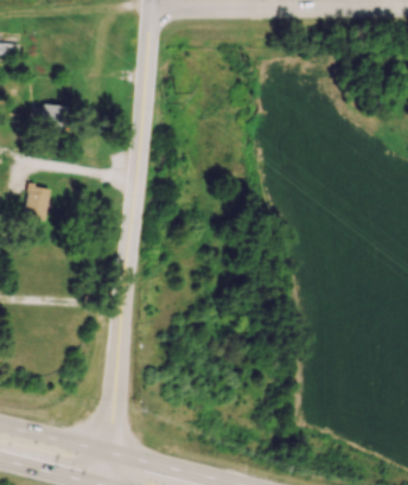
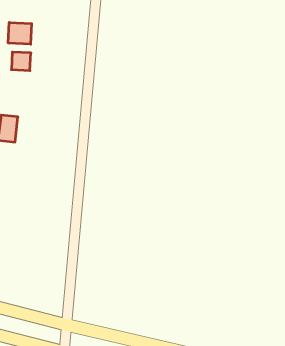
building: none -> [8,22,32,44]

